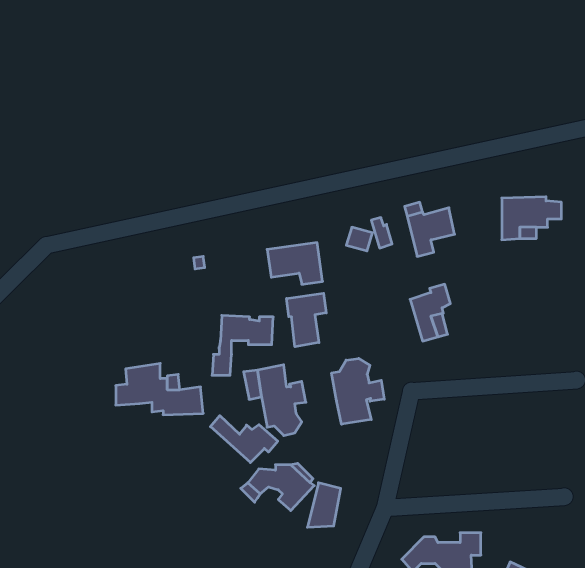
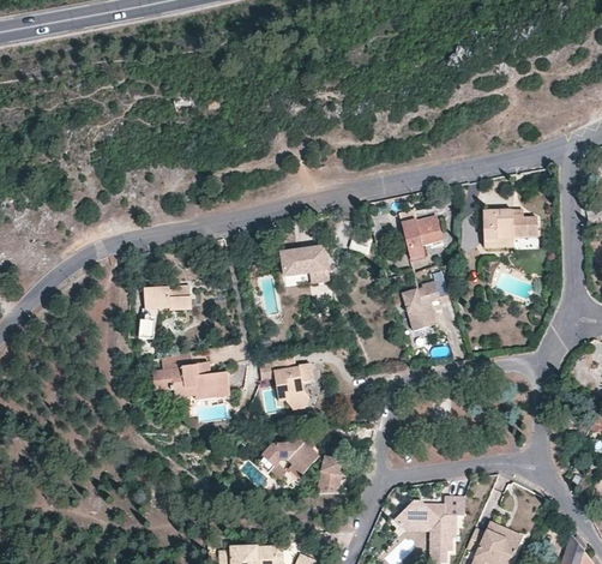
building: [287,293,326,347] -> none
building: [212,315,273,375] -> [138,287,191,338]
building: [332,358,384,424] -> none
building: [210,416,278,463] -> none

